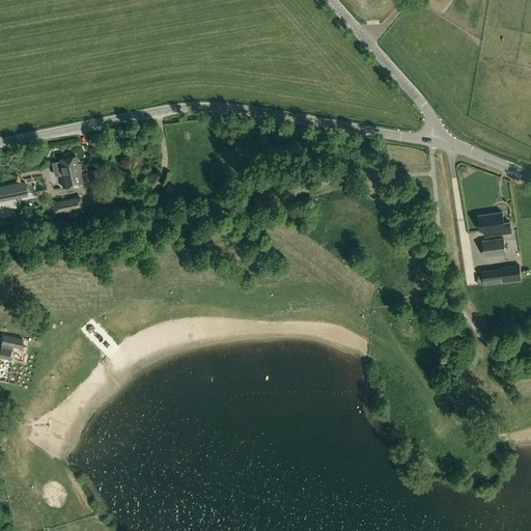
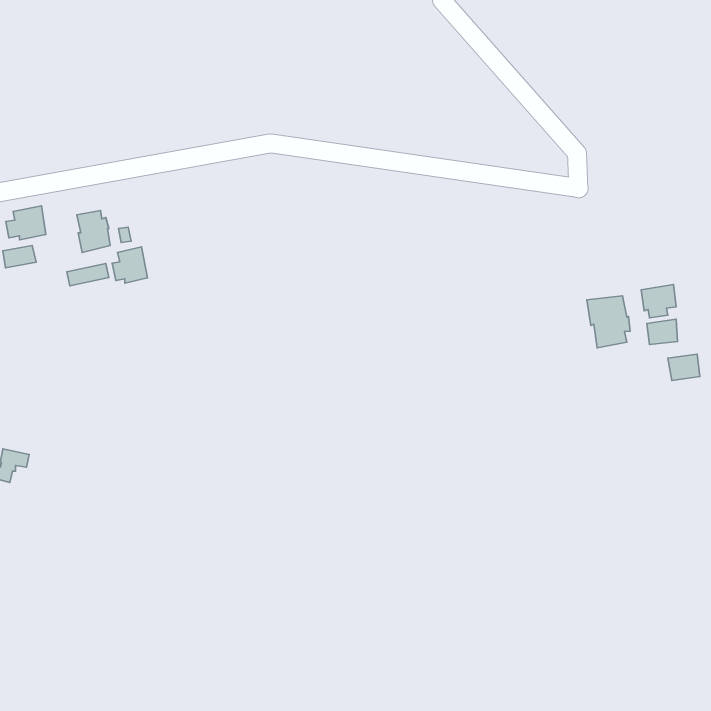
building: none -> [6,206,46,240]
building: none -> [112,247,147,283]
building: none -> [587,296,630,348]

